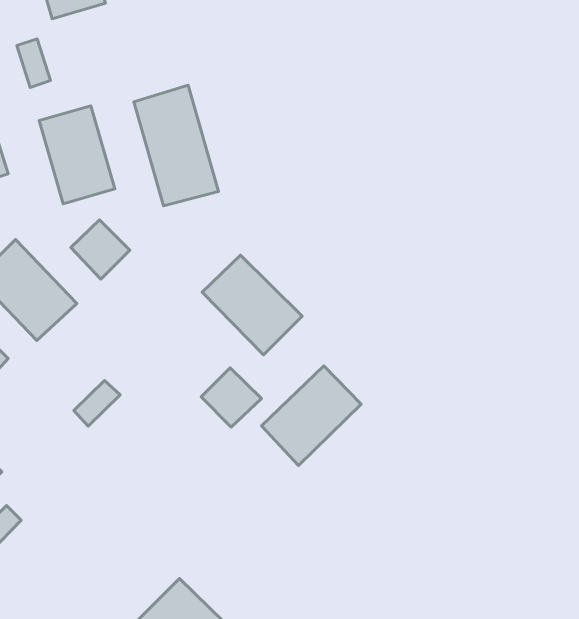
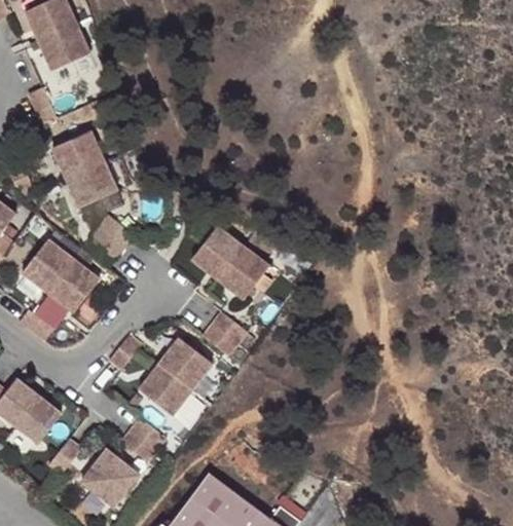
building: [134,85,219,206] -> none
building: [262,366,361,466] -> [140,338,212,415]
building: none -> [121,417,167,462]
building: none -> [81,449,139,506]

